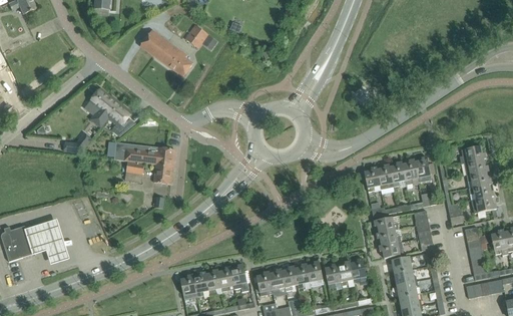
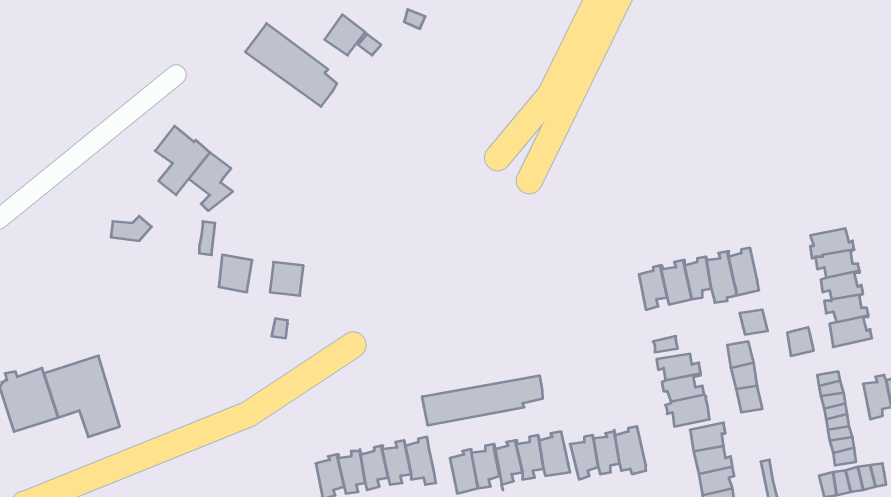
building: [123,146,174,167] -> none
building: none -> [422,376,543,425]

